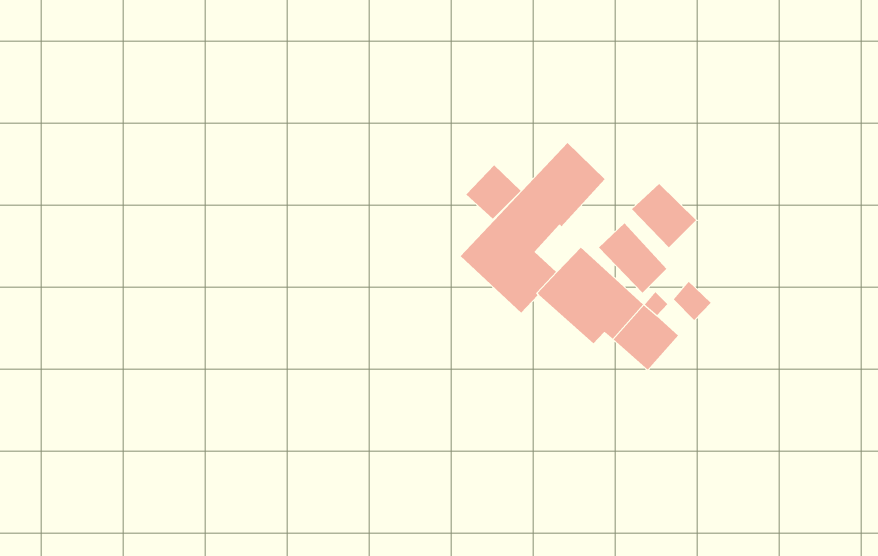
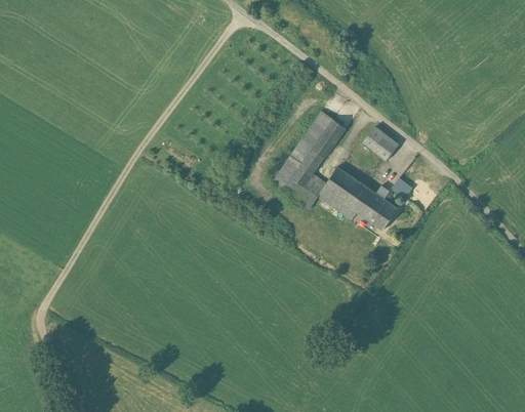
building: [466,164,522,219] -> none
building: [598,223,667,294] -> none

